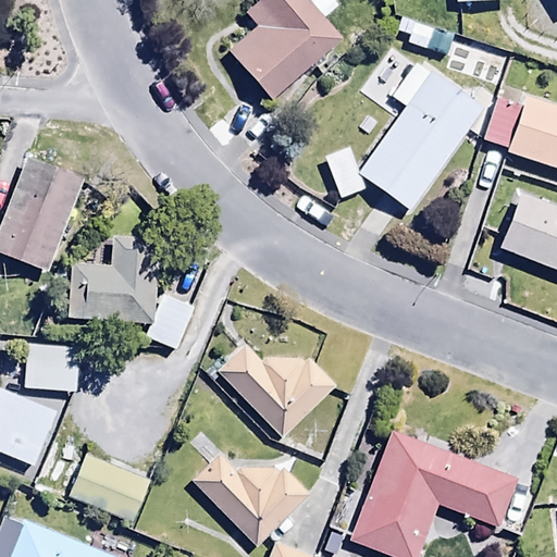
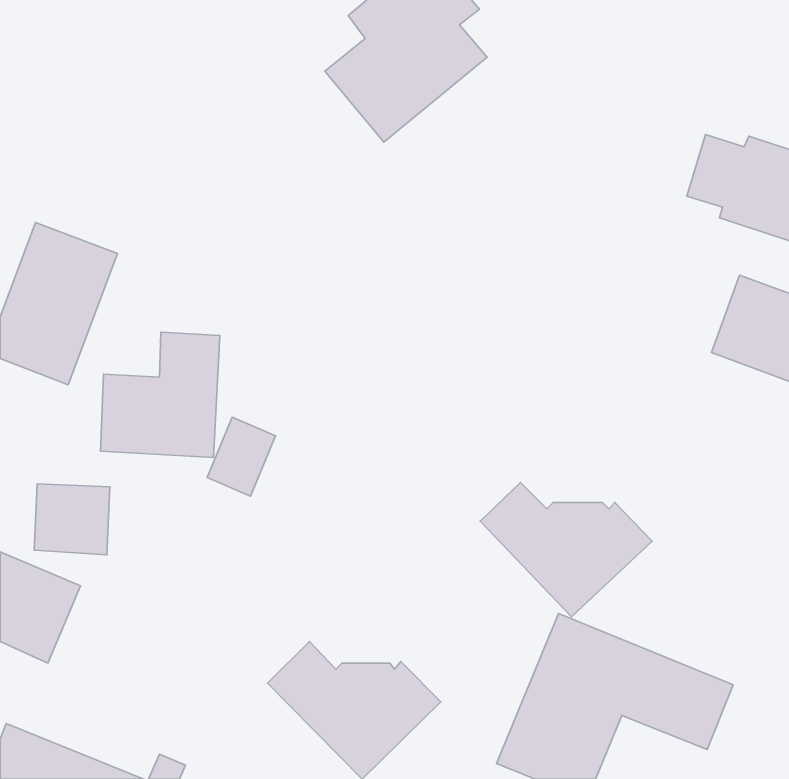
building: [357,59,484,210] -> none
building: [216,343,337,437] -> [480,483,652,617]
building: [69,447,154,525] -> none

